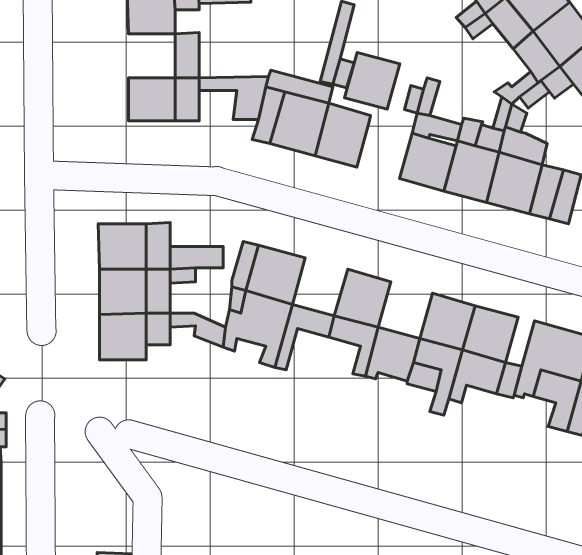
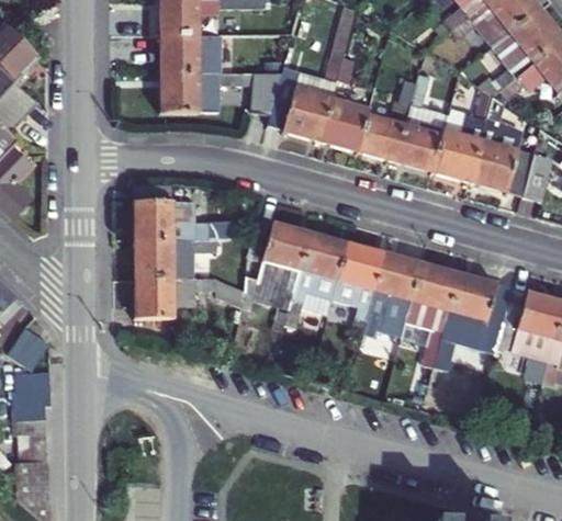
building: none -> [159,35,200,73]
building: [344,53,400,109] -> [358,112,406,161]
building: none -> [302,230,350,281]
building: none -> [376,251,424,301]

